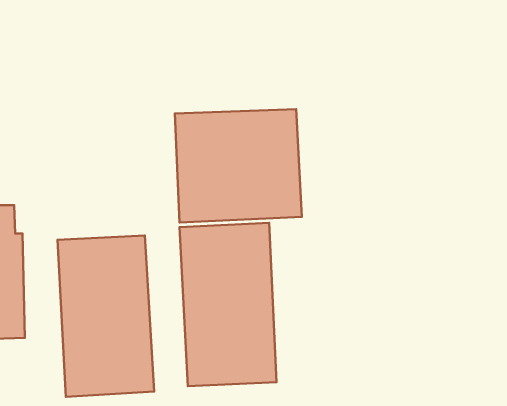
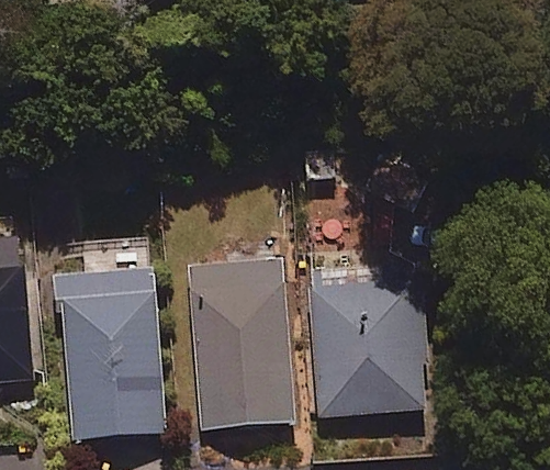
building: [175,109,302,223] -> none
building: none -> [308,256,425,412]

